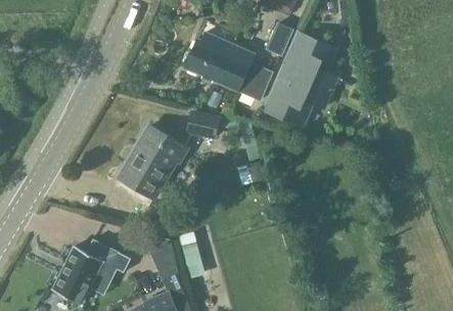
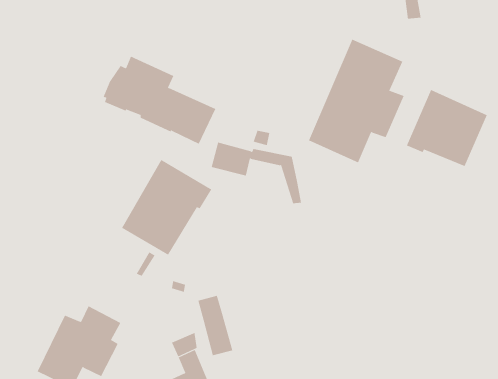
building: [265,21,292,55] -> none
building: [185,32,273,100] -> [103,56,216,144]
building: none -> [406,89,488,167]

